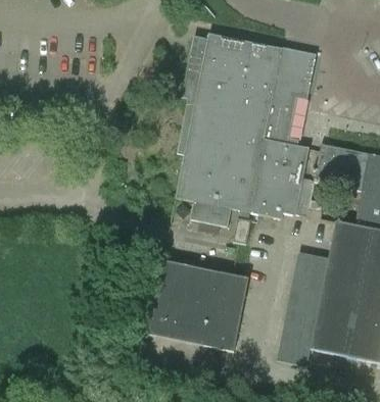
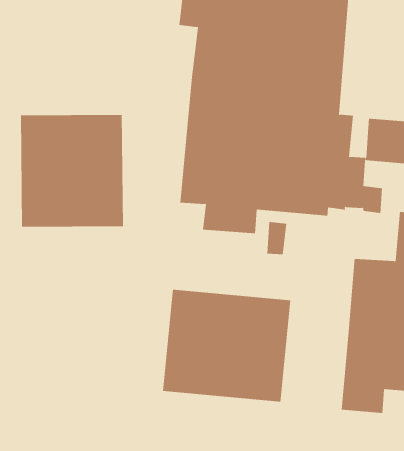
building: none -> [21,114,123,227]

